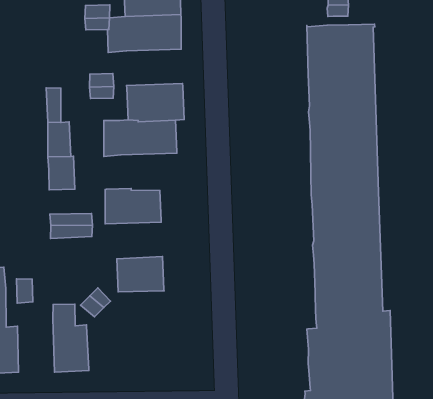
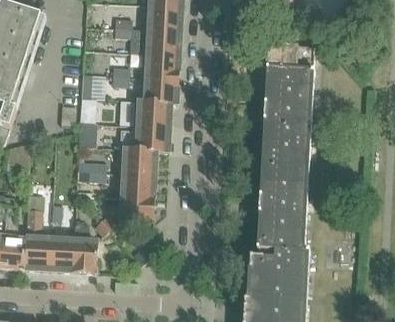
building: none -> [139,52,179,78]
building: none -> [119,124,170,151]
building: none -> [115,171,155,197]
building: none -> [47,233,74,271]

